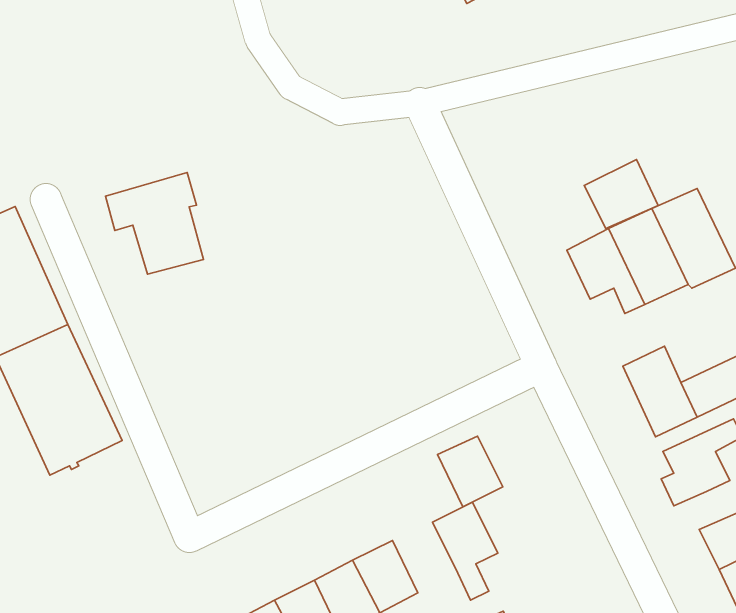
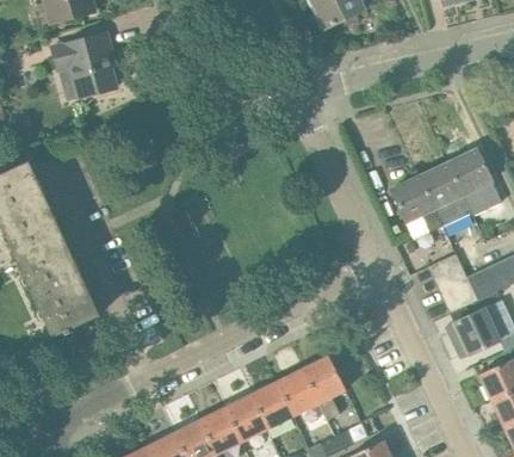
building: [584,160,658,229] -> none
building: [106,172,204,274] -> [52,31,117,98]
building: [438,436,503,507] -> [277,369,320,415]

